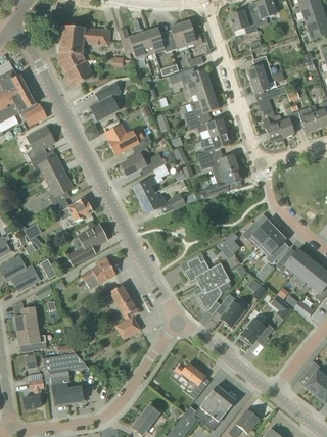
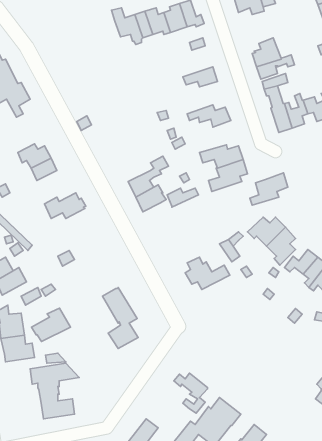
building: [59,26,110,86] -> none
building: [169,67,211,91] -> none
building: [90,82,122,120] -> none
building: [185,95,219,125] -> none
building: [105,124,153,155] -> none
building: [27,127,55,160] -> none
building: [196,131,231,160] -> [250,173,288,205]
building: [121,150,165,176] -> none
building: [49,177,74,204] -> none
building: [79,226,107,250] -> none
building: [81,257,116,288] -> [32,308,71,342]
building: [198,273,230,310] -> none
building: [219,293,246,328] -> none
building: [241,319,274,344] -> none
building: [24,378,45,408] -> none

